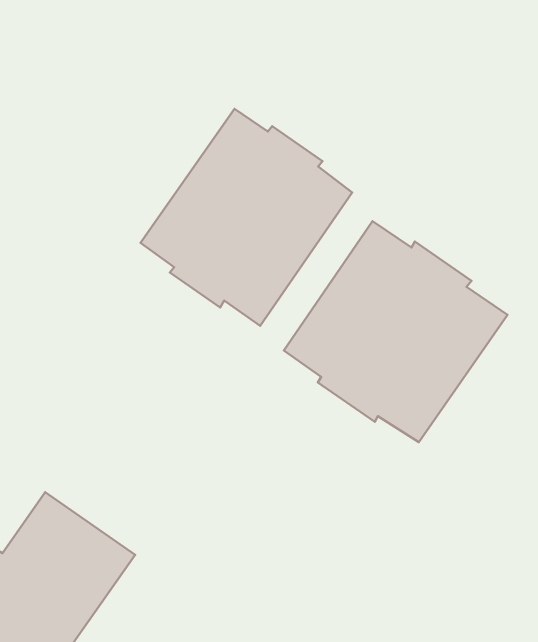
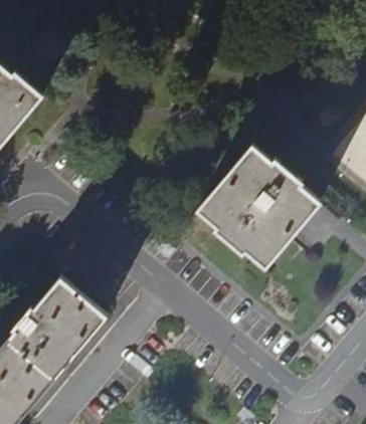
building: [141,109,352,326] -> none

